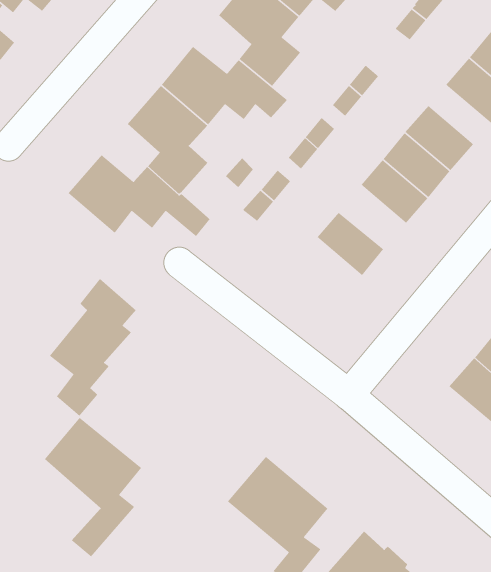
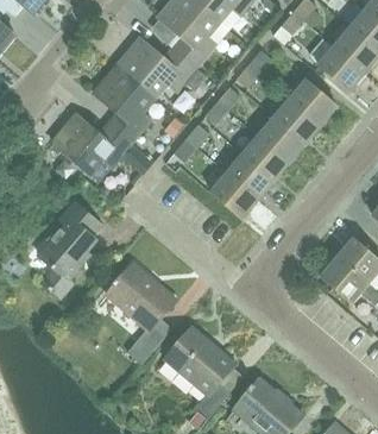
building: none -> [241,136,289,181]
building: none -> [209,172,258,219]
building: [44,417,142,558] -> [107,264,176,363]

